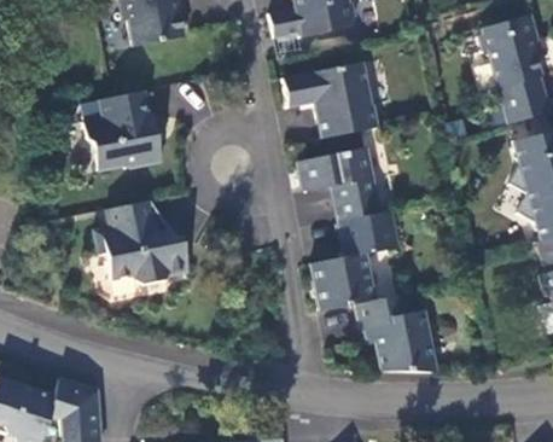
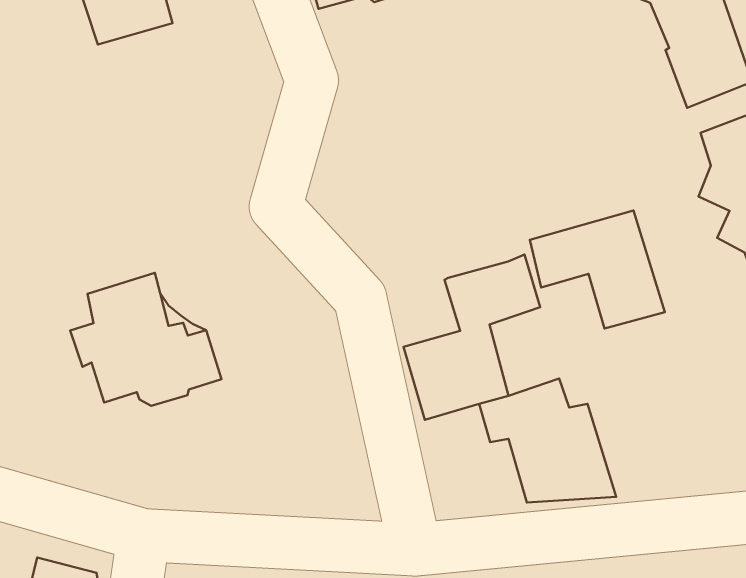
building: [283,62,379,138] -> none
building: [85,92,163,170] -> none
building: [299,145,383,220] -> [530,210,665,329]

